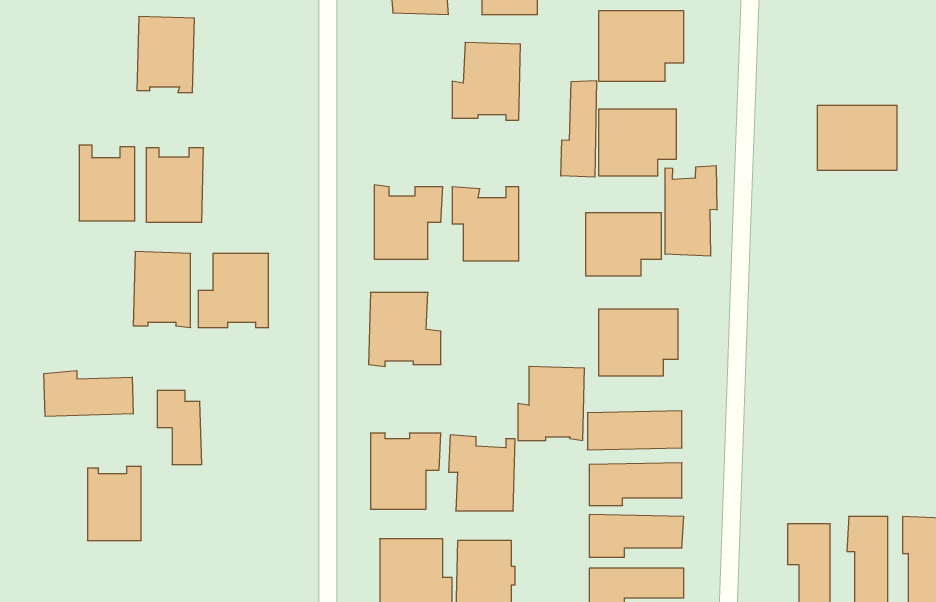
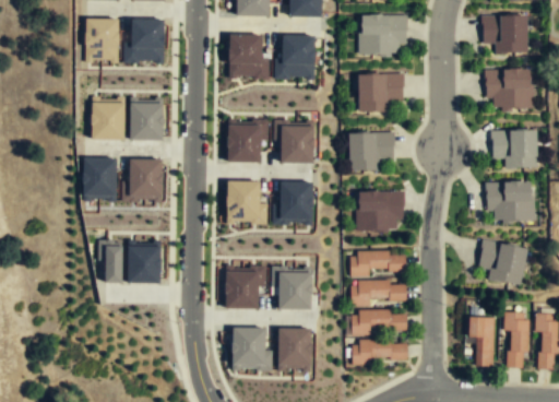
building: none -> [483,14,528,54]
building: none -> [123,19,164,62]
building: none -> [227,34,267,79]
building: [561,81,597,177] -> none
building: [79,145,135,221] -> [131,95,164,140]
building: [665,166,717,256] -> none
building: none -> [492,131,537,168]
building: none -> [487,182,534,223]
building: [518,366,585,440] -> [271,180,310,224]
building: [44,371,133,416] -> none
building: none -> [479,240,528,285]
building: [87,466,141,540] -> [130,238,162,282]

